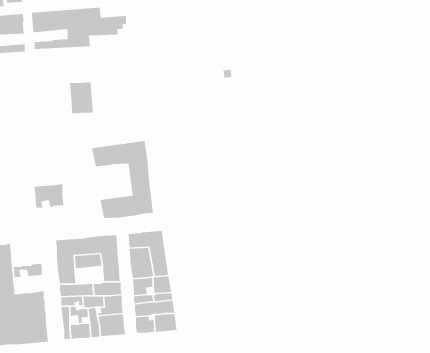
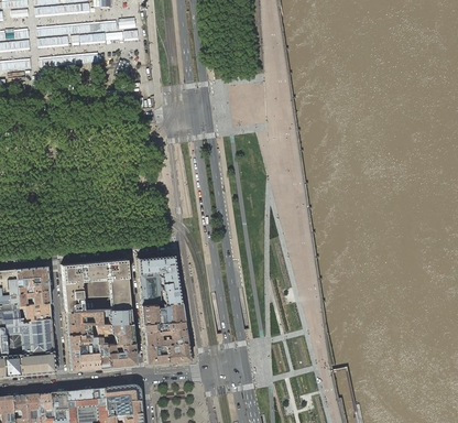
building: [69,81,94,114] -> none
building: [91,140,154,219] -> none
building: [34,183,64,209] -> [15,265,47,292]
building: none -> [19,302,51,321]

